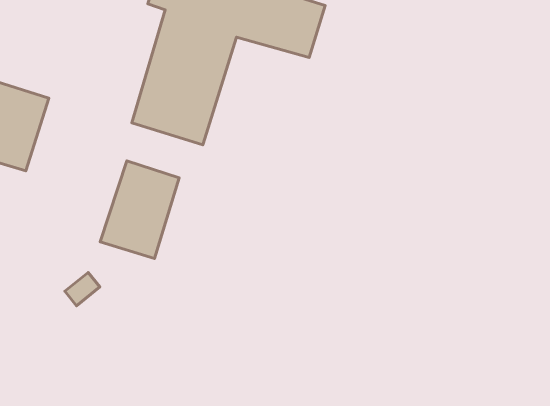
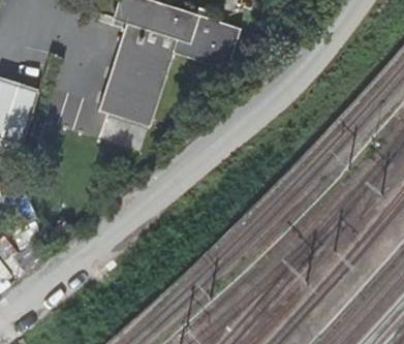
building: [100,161,179,258] -> none

